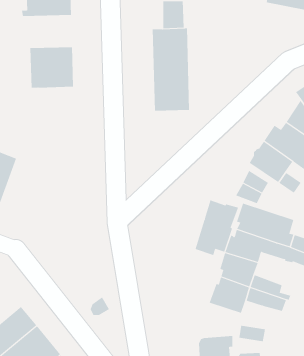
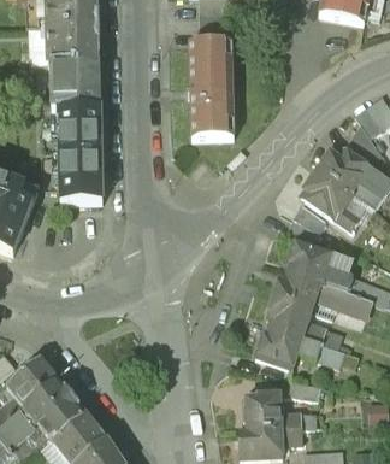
building: none -> [42,25,100,63]
building: none -> [60,107,102,200]
building: [195,200,239,256] -> none

